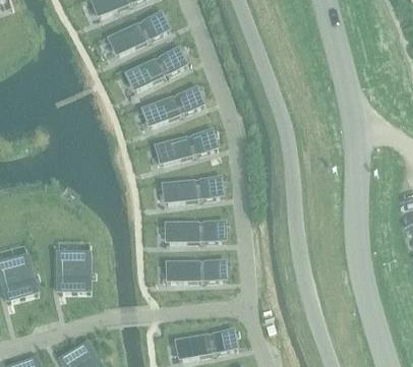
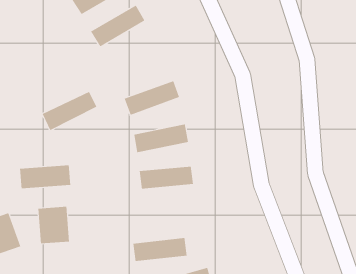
building: [143,86,202,125] -> [42,91,97,131]
building: none -> [20,165,71,189]
building: [168,259,225,281] -> [132,238,187,262]

